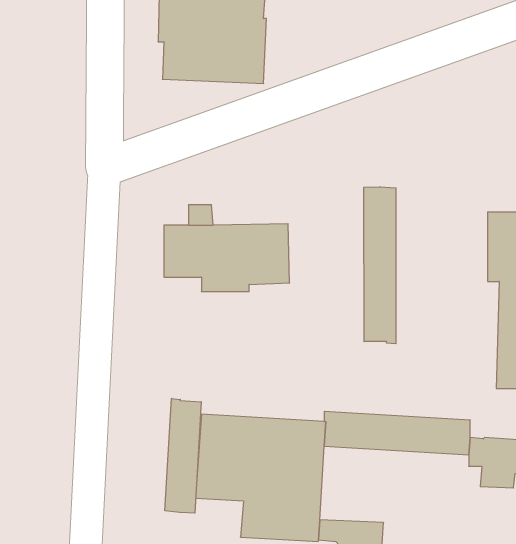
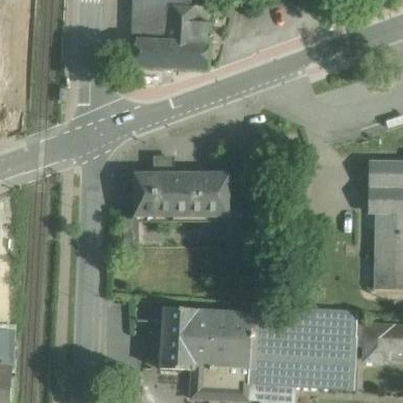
building: [364,187,396,344] -> none
building: [165,398,201,513] -> none
building: none -> [248,330,355,389]

